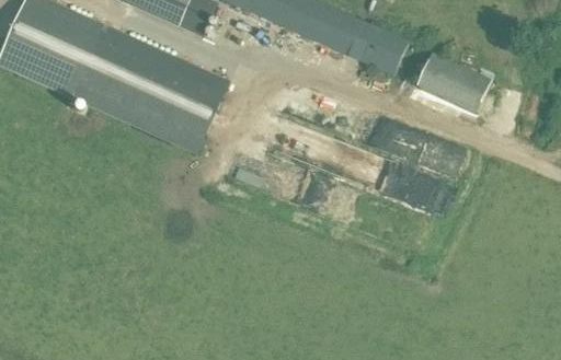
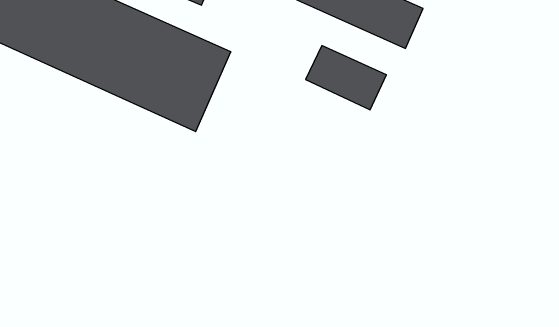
building: [414,54,490,114] -> [306,46,386,110]

